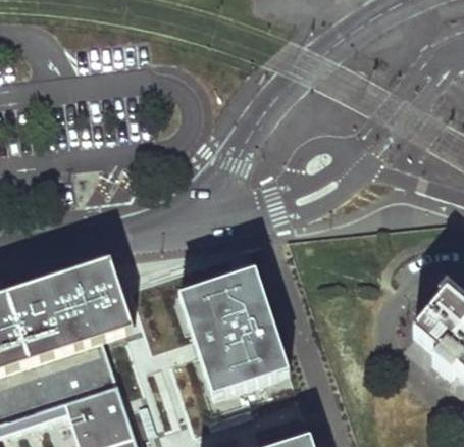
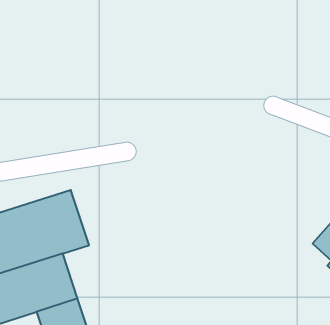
building: [168,272,279,403] -> none

